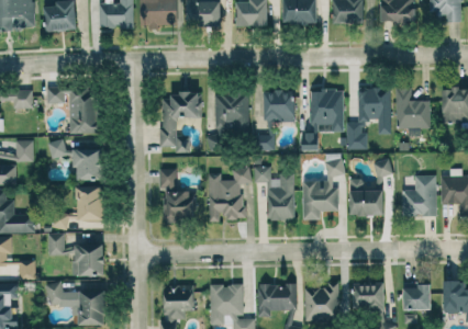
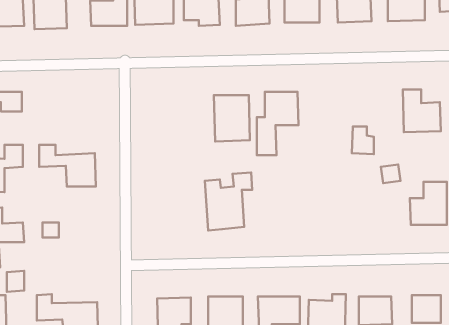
building: [46,87,100,134] -> none
building: [357,88,391,134] -> none
building: [310,90,344,132] -> none
building: [160,93,200,152] -> none
building: [302,160,344,220] -> none
building: [254,166,294,219] -> none
building: [159,168,193,220] -> none
building: [349,180,383,216] -> none
building: [77,185,103,220] -> none
building: [48,234,104,275] -> none

